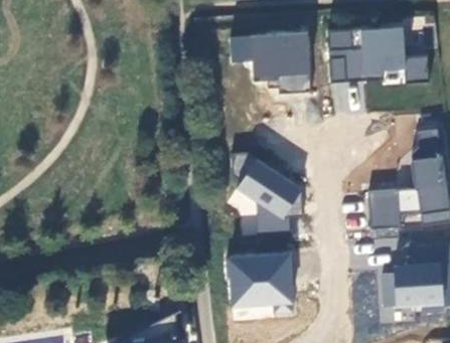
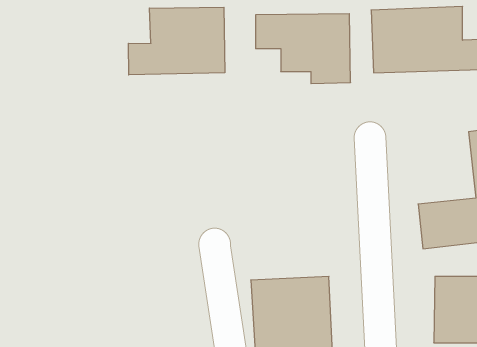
building: none -> [128,7,225,75]
building: [230,166,303,238] -> none

